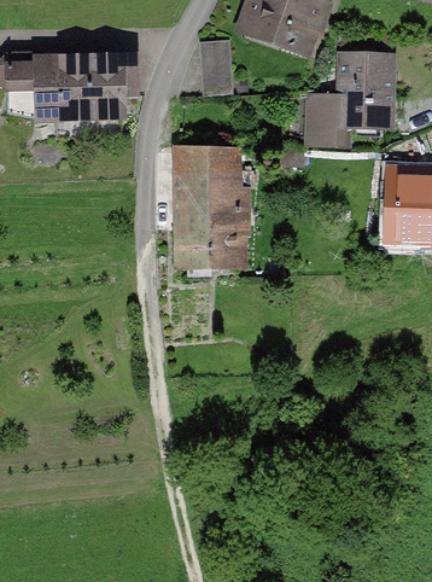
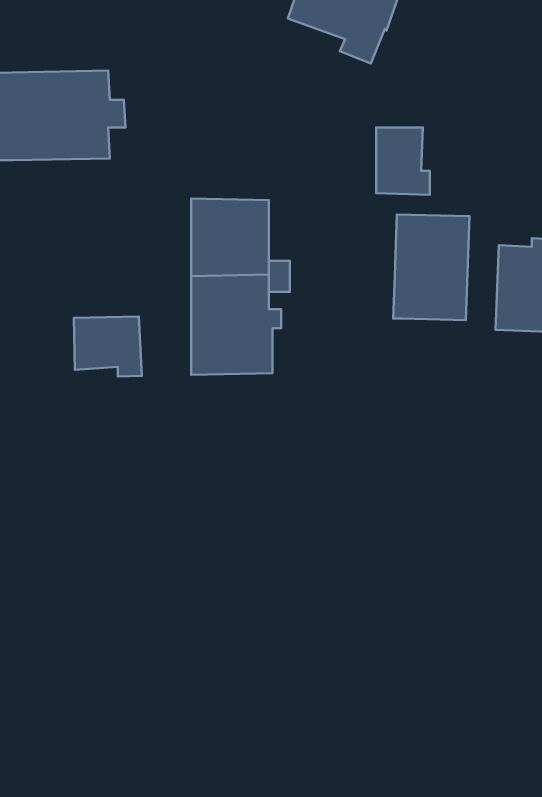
building: [199,39,233,95] -> none
building: [339,53,392,127] -> [393,215,469,320]
building: none -> [74,316,142,376]

